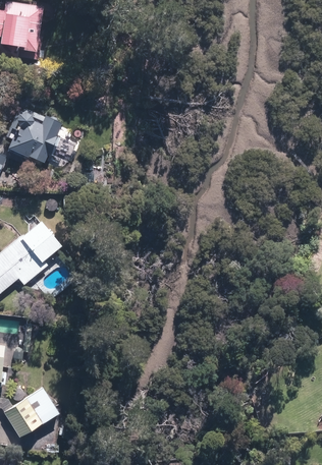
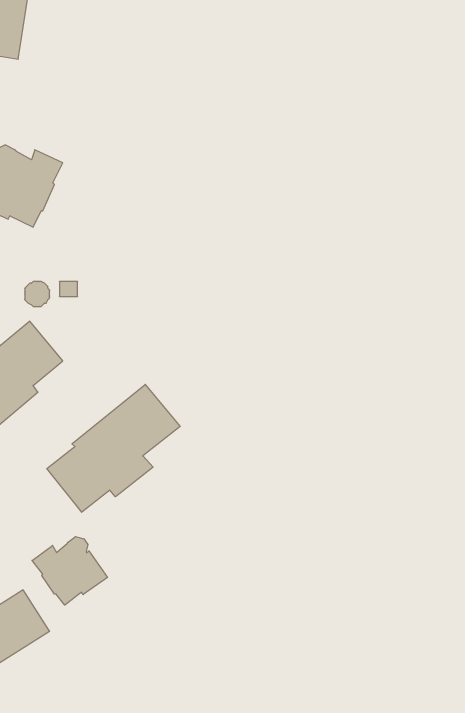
building: none -> [47,384,180,512]
building: none -> [32,537,107,605]

